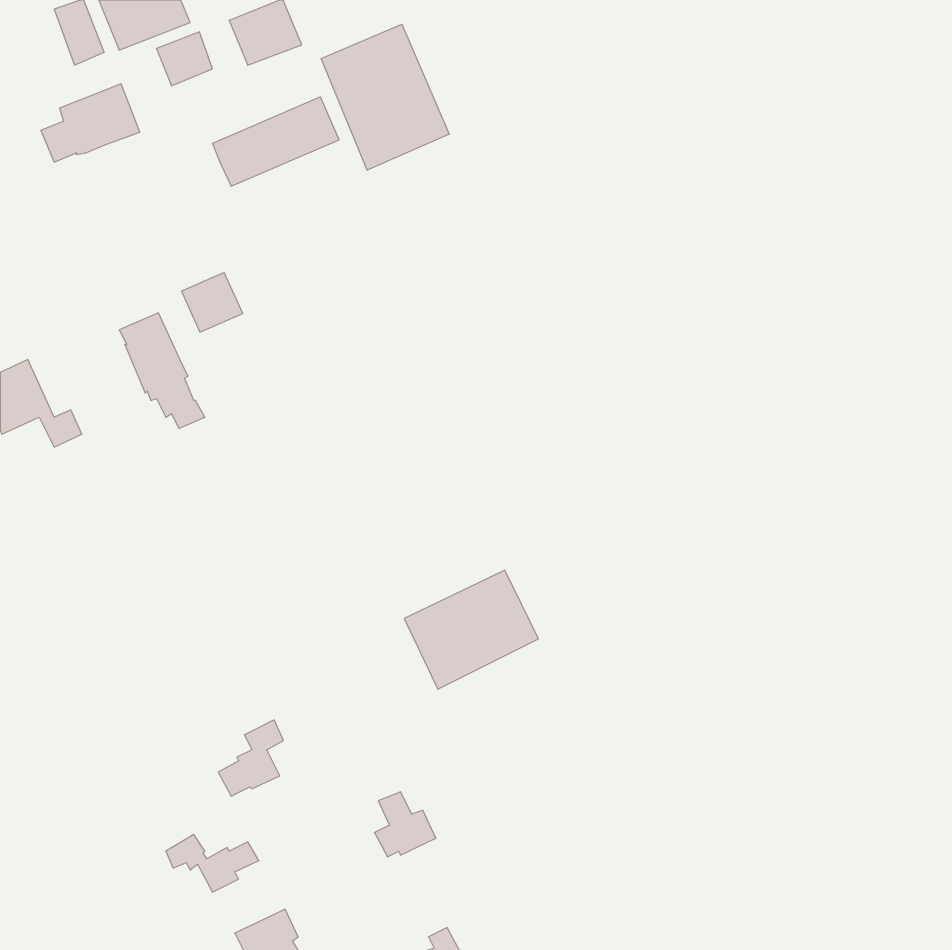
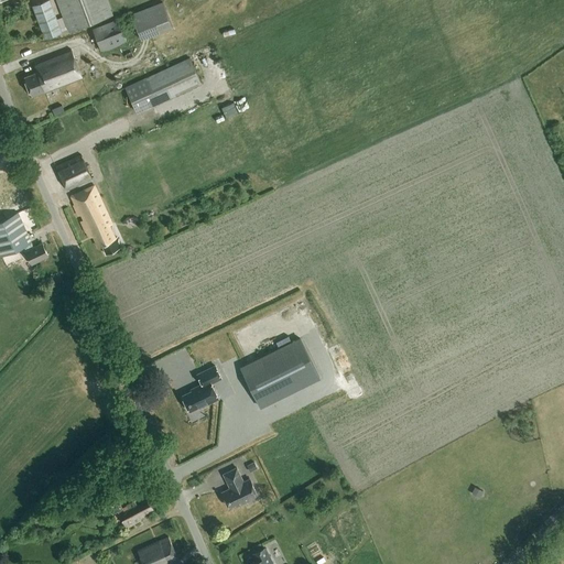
building: [321,24,449,170] -> none
building: [181,273,243,332] -> [56,155,93,191]
building: [218,720,283,796] -> [182,367,220,412]

